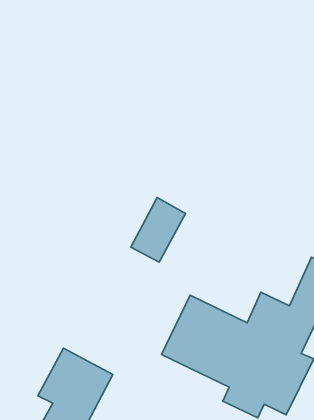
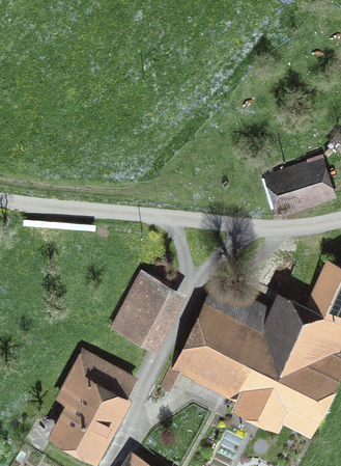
building: none -> [268,172,323,210]
building: [131,198,186,262] -> [115,279,169,342]

